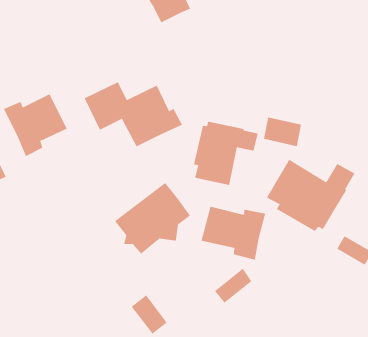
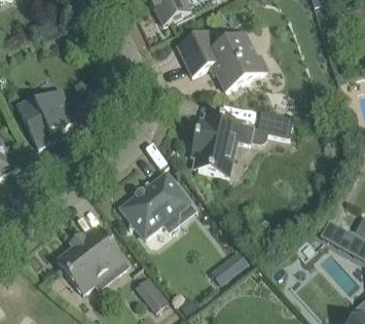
building: [84,82,183,147] -> [177,30,268,91]
building: [266,159,355,232] -> none
building: [201,206,266,260] -> none
building: none -> [57,224,125,293]

